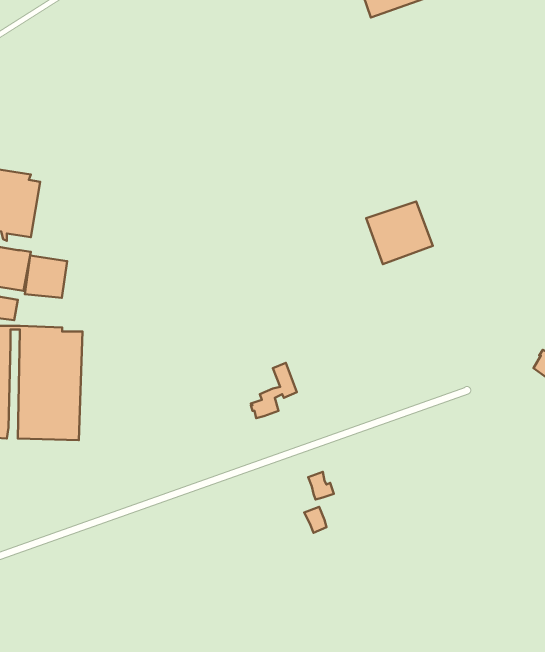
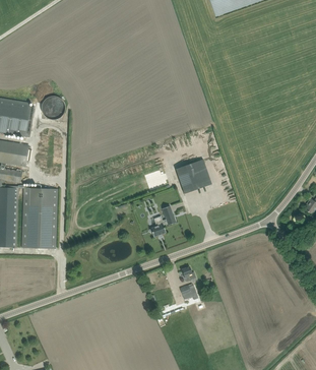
building: [366,202,433,264] -> [175,159,211,193]
building: [25,255,67,298] -> [41,95,64,118]

